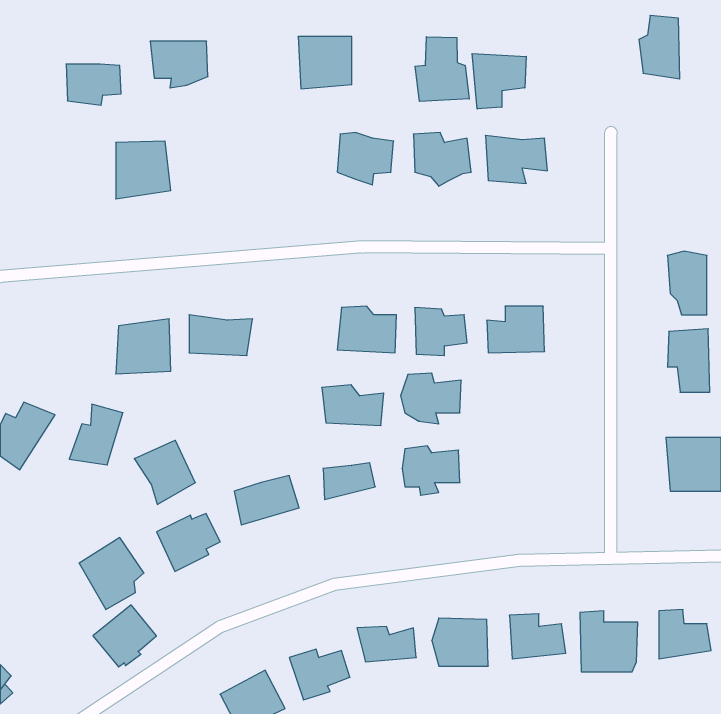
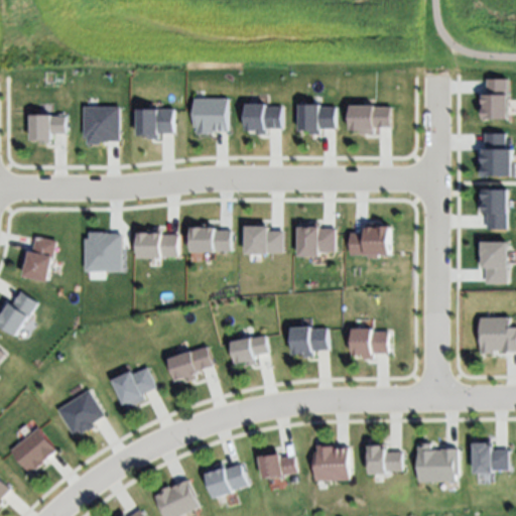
building: [639,15,680,79] -> [478,76,507,121]
building: [298,37,352,89] -> [190,98,229,135]
building: [415,37,469,101] -> none
building: [150,41,208,88] -> [132,107,173,140]
building: [472,54,526,109] -> none
building: [66,64,121,105] -> [27,113,67,142]
building: none -> [475,131,511,178]
building: [401,373,461,424] -> [346,325,389,361]
building: [322,385,384,426] -> [186,224,231,253]
building: [69,404,123,465] -> [17,236,55,279]
building: [134,440,195,505] -> none
building: [93,605,156,667] -> [14,433,59,478]

